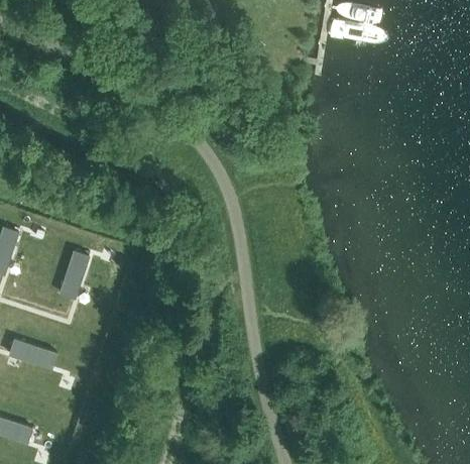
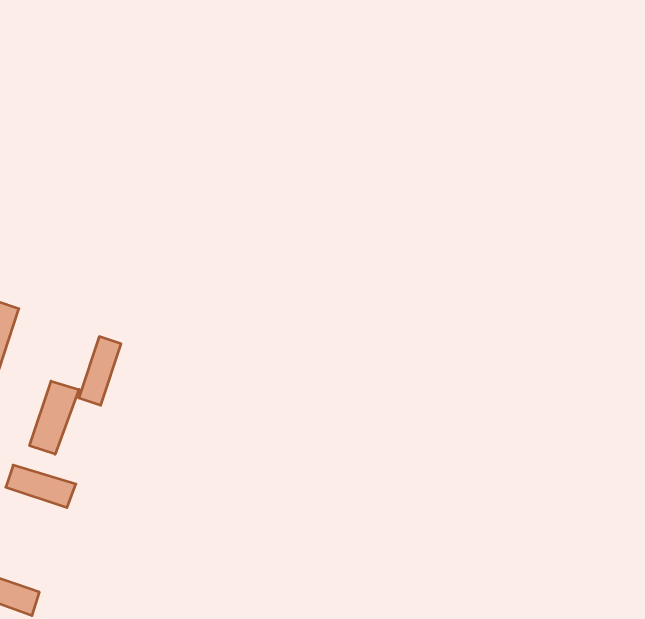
building: none -> [30,381,79,454]

